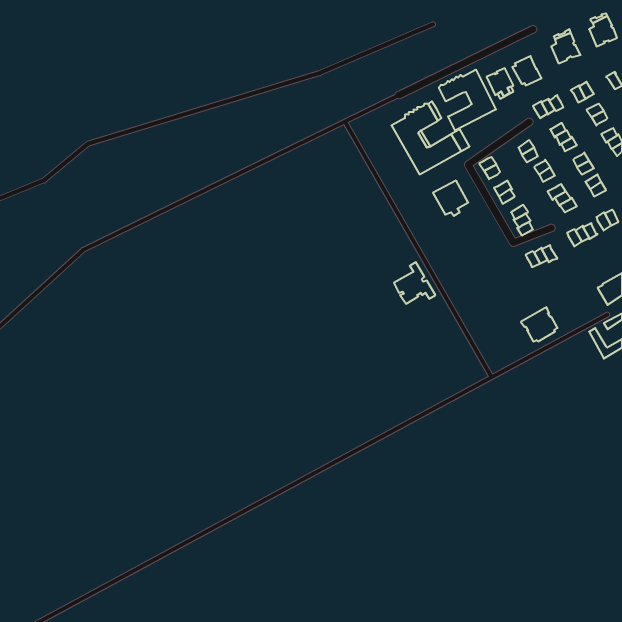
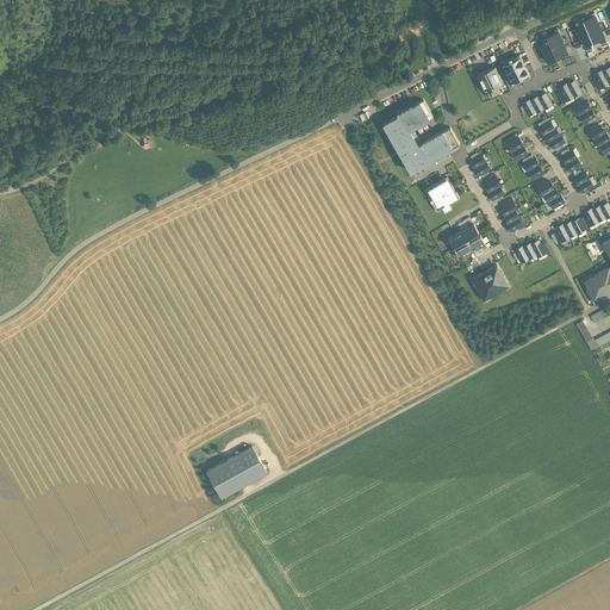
building: [439,70,496,130] -> none
building: [394,262,435,304] -> [447,217,487,257]
building: [521,307,558,341] -> [471,264,506,298]
building: none -> [206,447,266,498]

